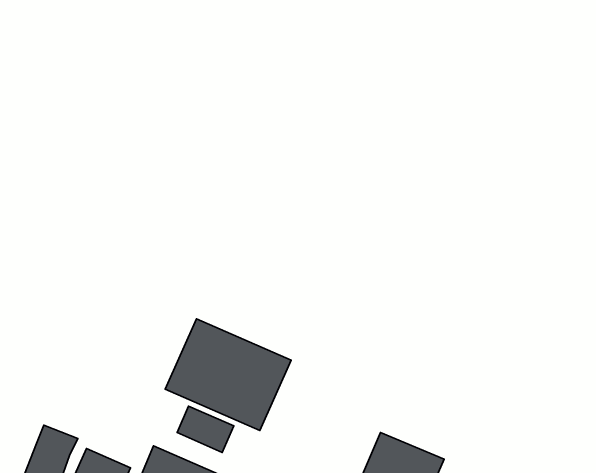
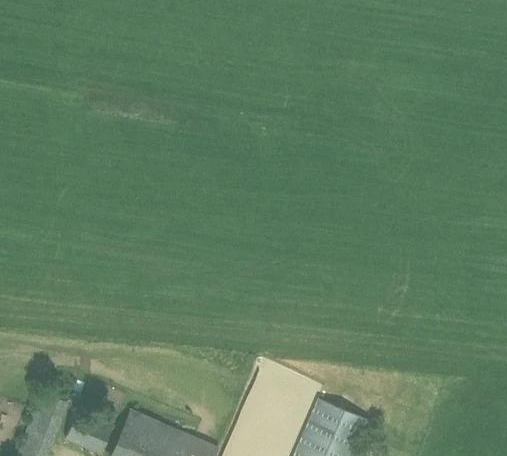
building: [165,319,291,431] -> none
building: [177,406,234,452] -> none

